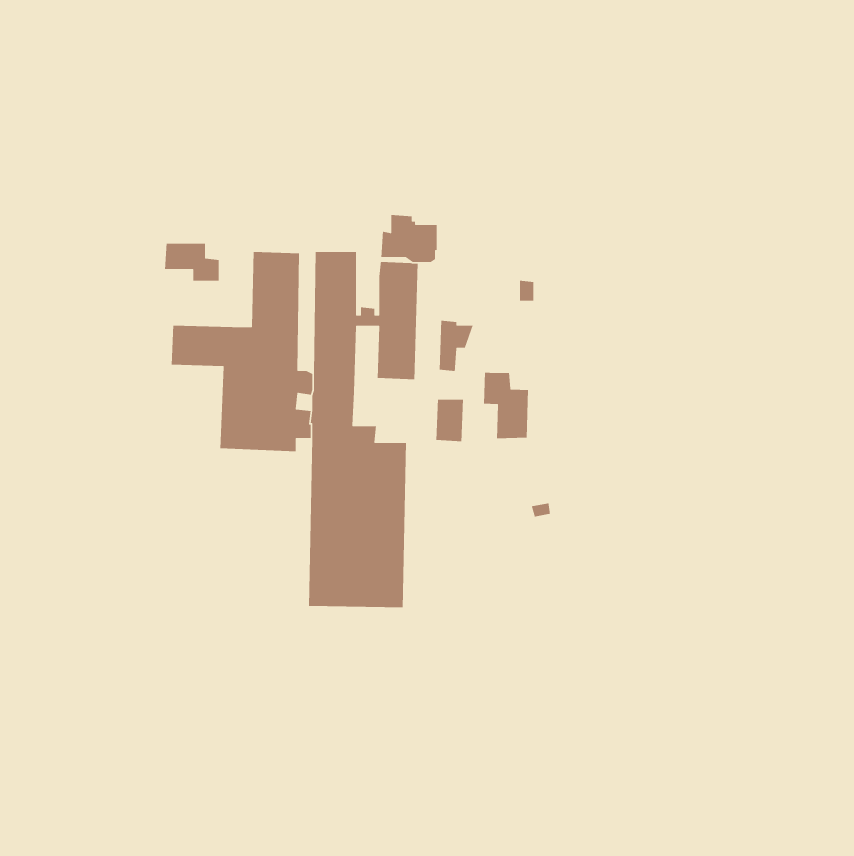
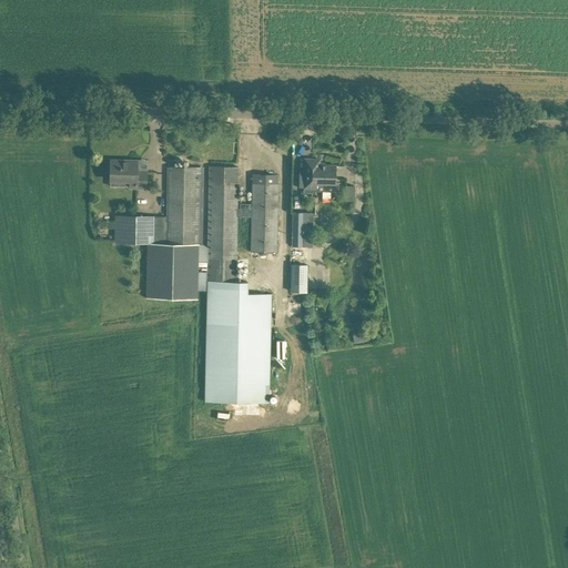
building: [381,214,437,263] -> [297,159,335,191]
building: [483,372,529,439] -> none

